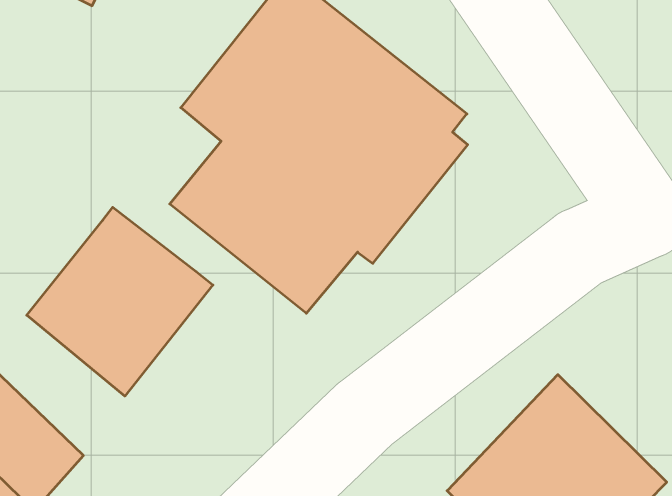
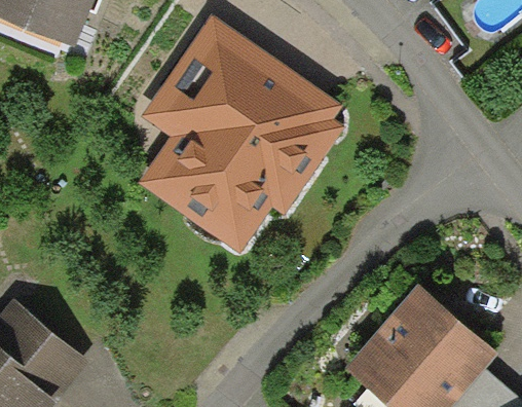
building: [27,207,213,396] -> none

